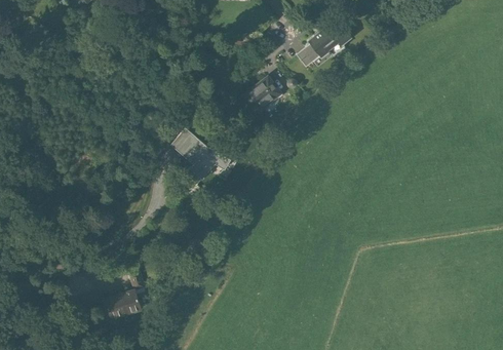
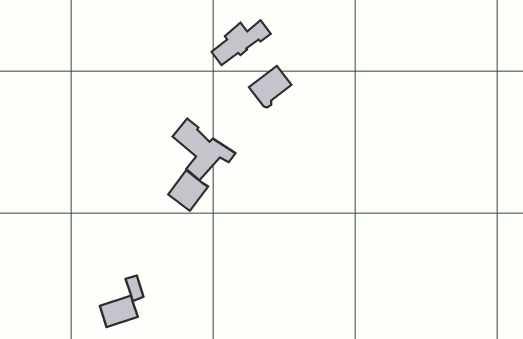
building: [296,26,350,67] -> [211,20,271,65]
building: none -> [168,170,208,211]

